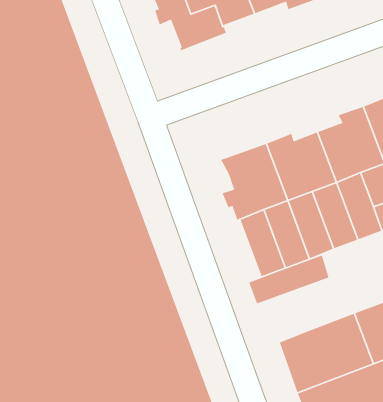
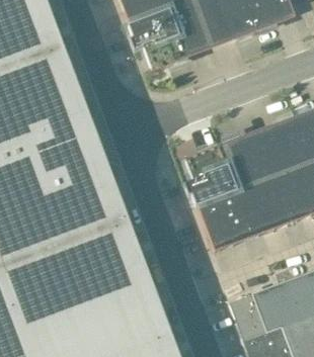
building: [248,255,329,305] -> none

